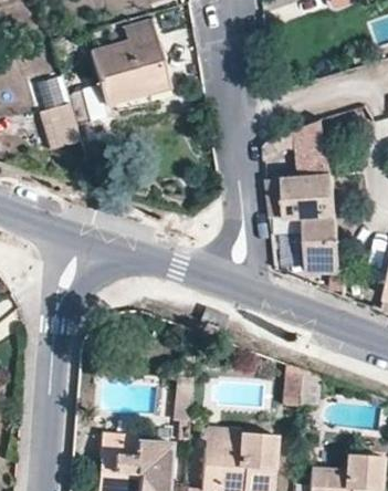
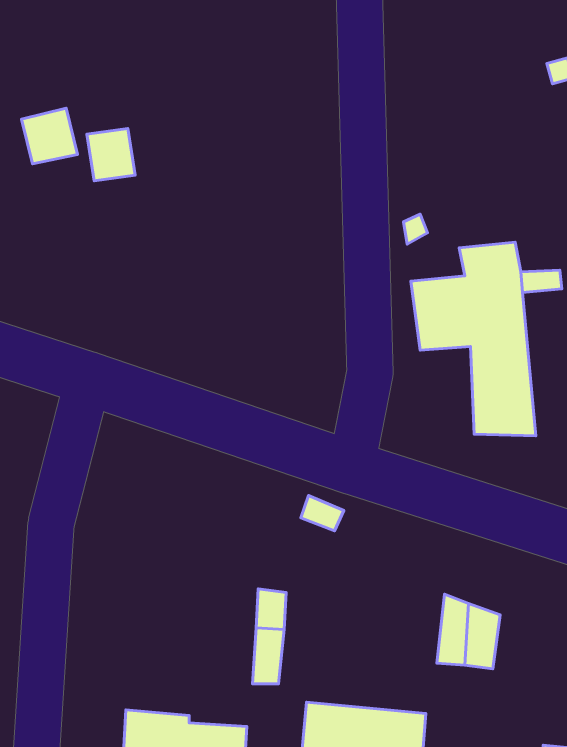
building: [94,22,172,106] -> none
building: [40,105,81,150] -> none
building: [291,119,329,158] -> none

